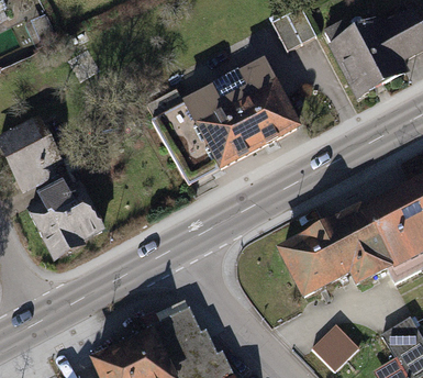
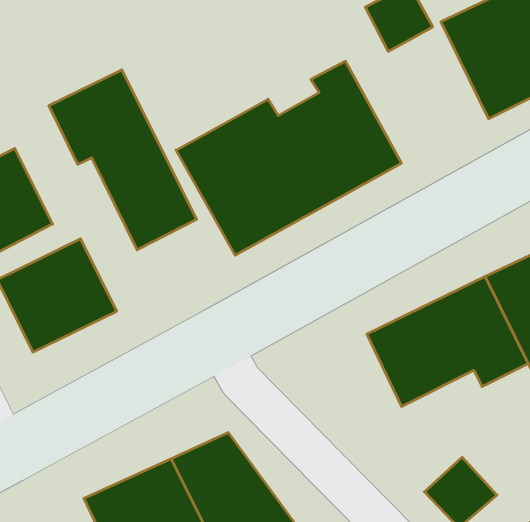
building: none -> [49,70,197,250]

